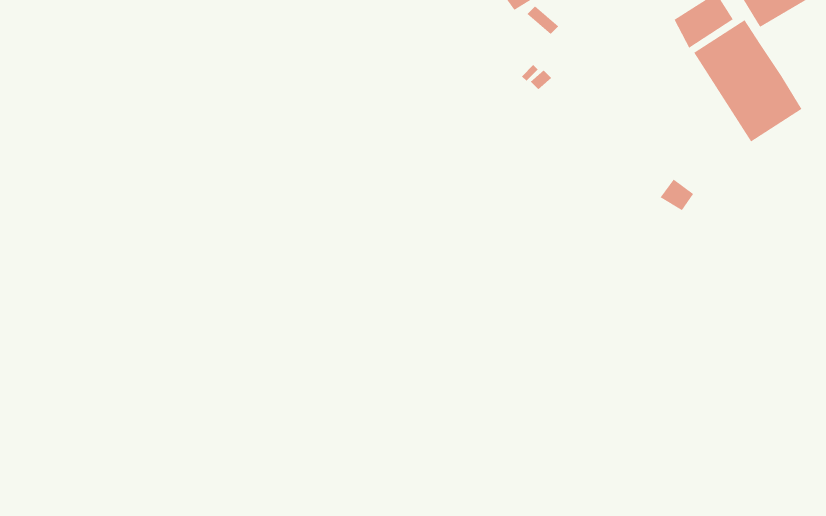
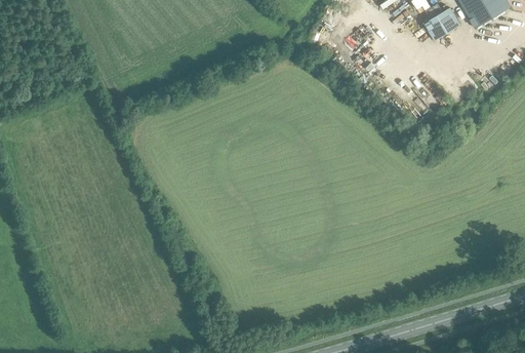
building: [693,19,802,143] -> none

